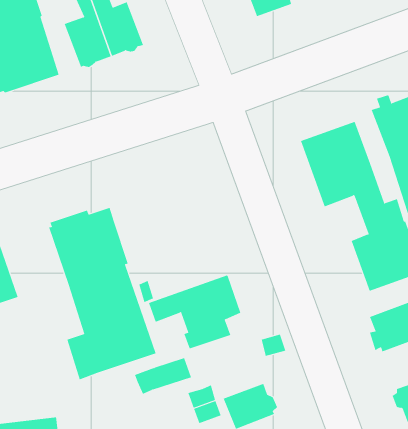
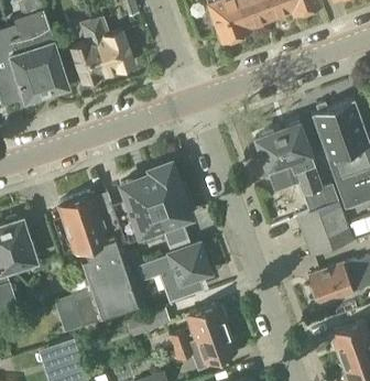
building: none -> [111,161,192,246]
building: none -> [54,294,84,331]
building: none -> [187,304,228,340]

